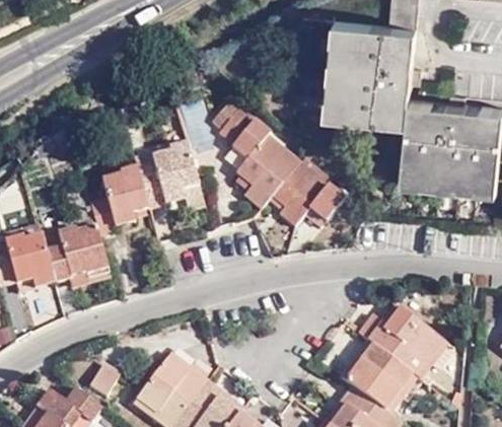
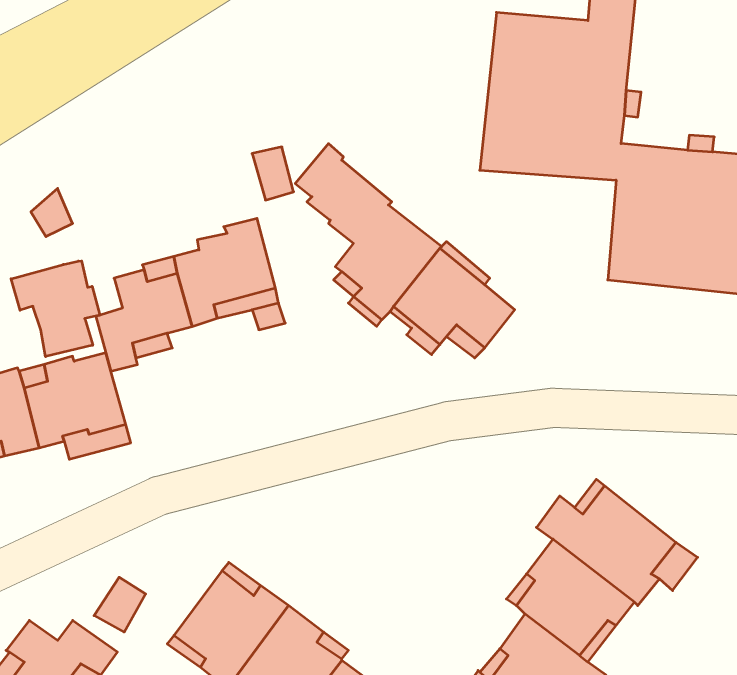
building: none -> [11,261,100,357]

